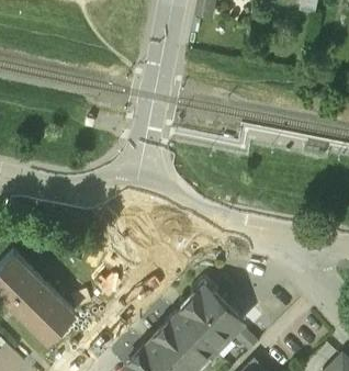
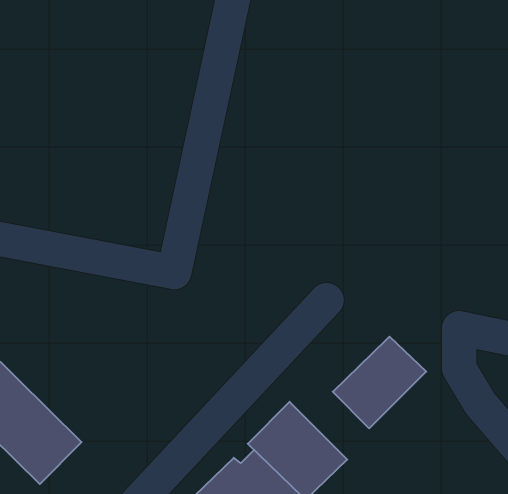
building: none -> [333,337,426,428]

